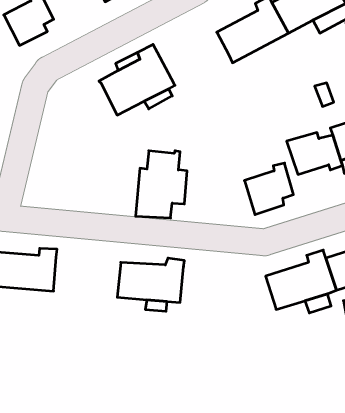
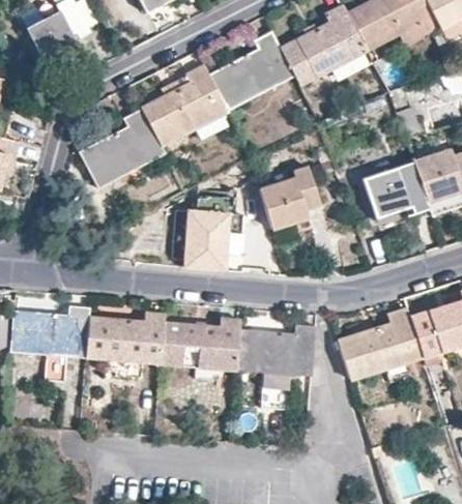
building: none -> [209,30,294,110]
building: none -> [80,109,165,187]
building: [244,163,293,215] -> [260,168,318,229]
building: none -> [86,310,167,363]
building: none -> [236,324,315,408]

